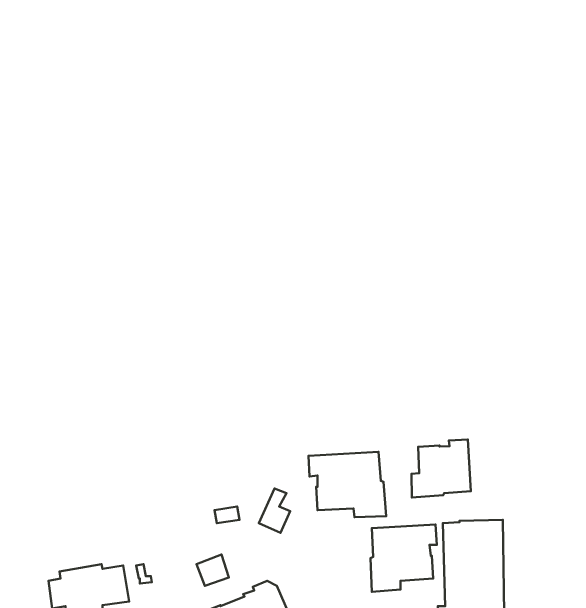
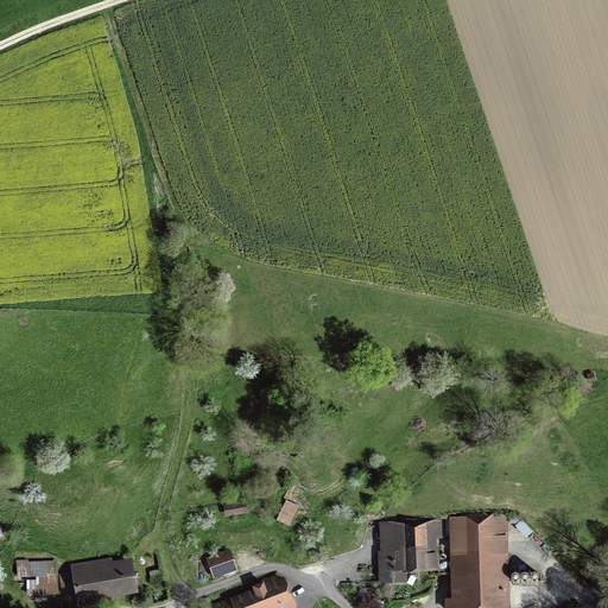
building: [411,439,471,498] -> none
building: [309,452,386,517] -> none
building: none -> [17,559,58,596]

